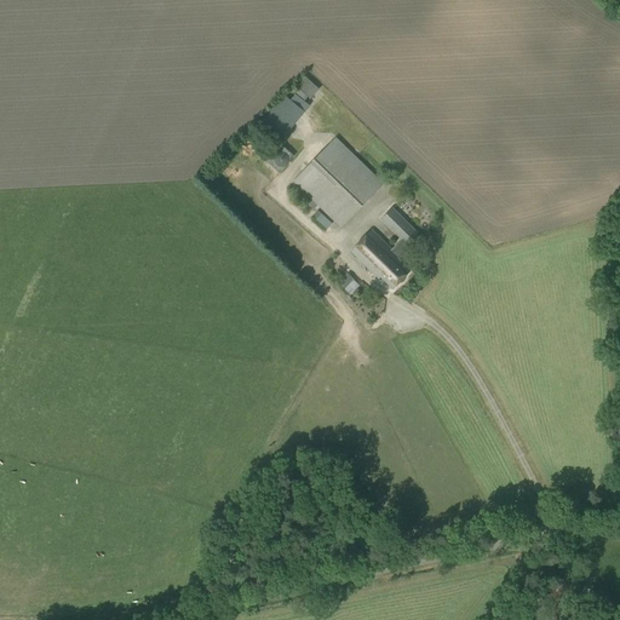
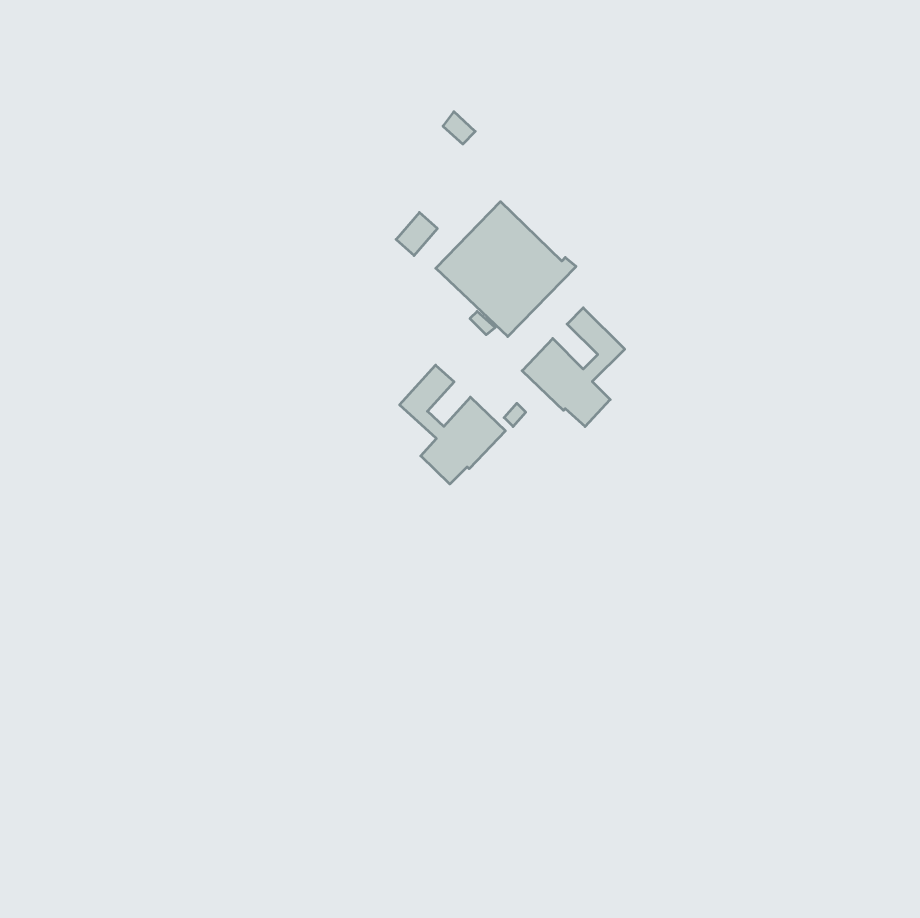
building: [265,91,309,134] -> none
building: none -> [400,365,505,484]

